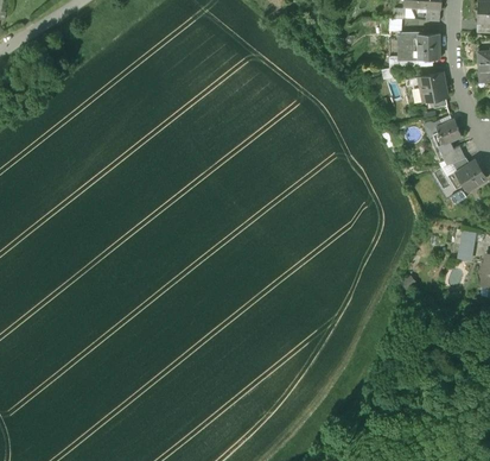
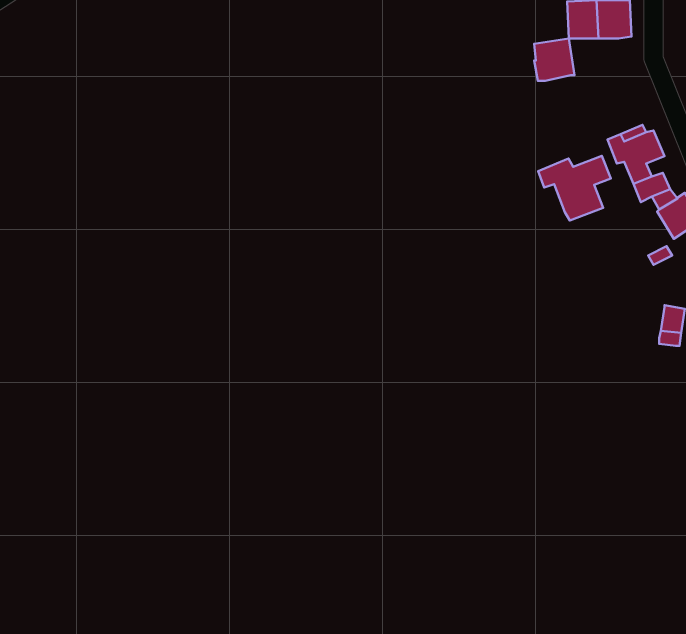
building: [420,72,446,100] -> [534,38,574,81]
building: none -> [538,156,611,220]

